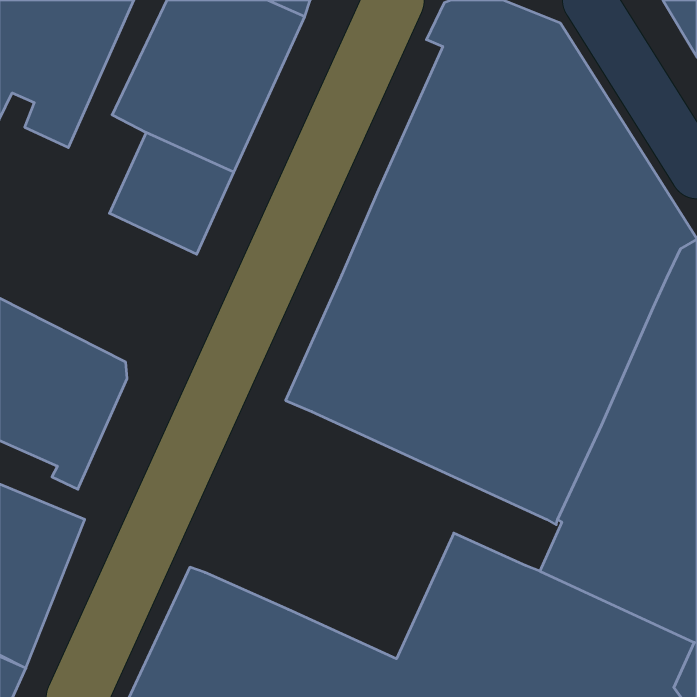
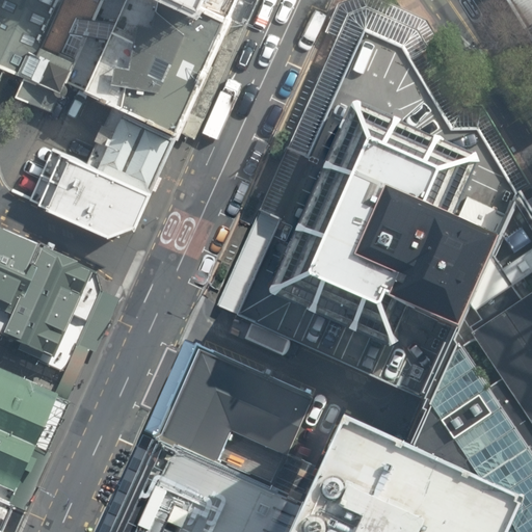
building: none -> [29,149,150,235]
building: none -> [144,339,315,485]

